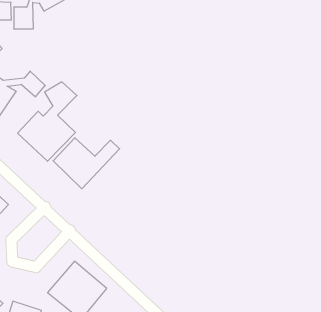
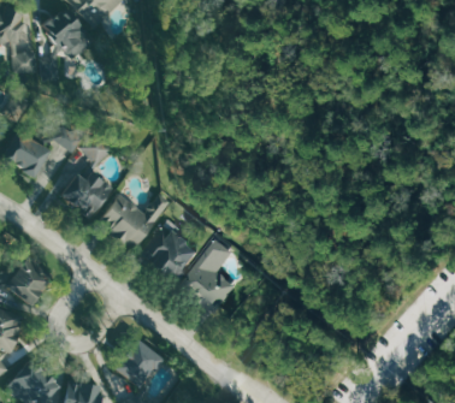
building: none -> [138,225,197,283]
building: none -> [178,241,236,316]

